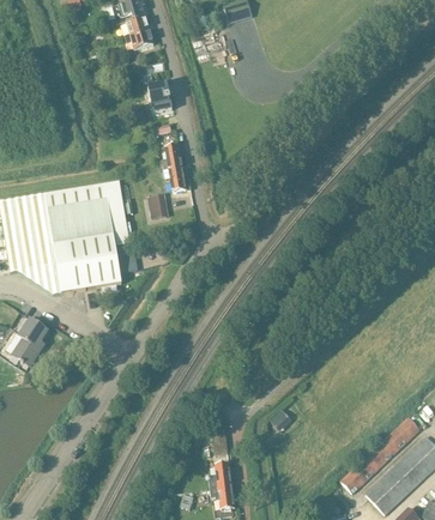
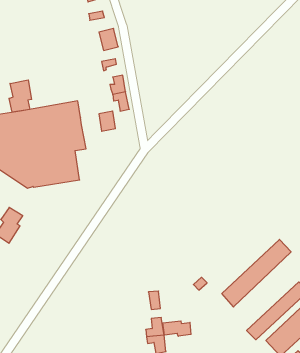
building: none -> [9,80,32,112]
building: none -> [222,239,291,307]
building: none -> [163,321,191,336]

